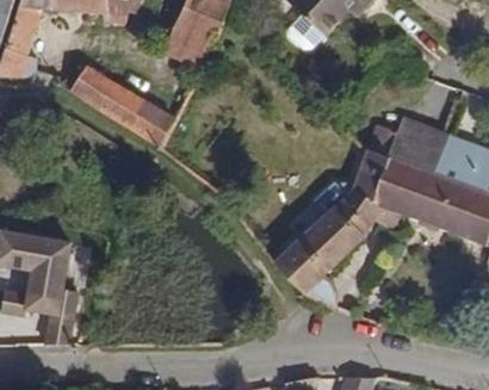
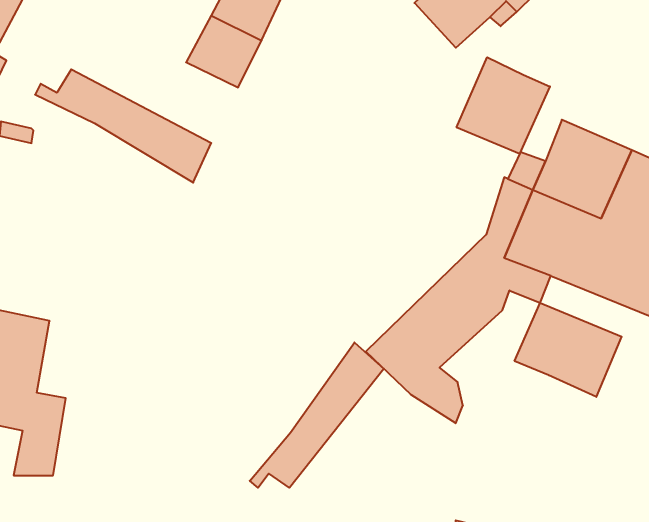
building: none -> [457,57,550,154]
building: none -> [515,303,622,397]
building: none -> [250,342,384,488]

